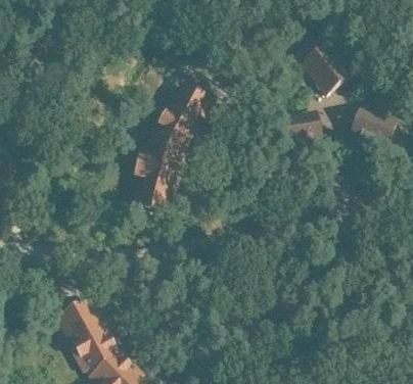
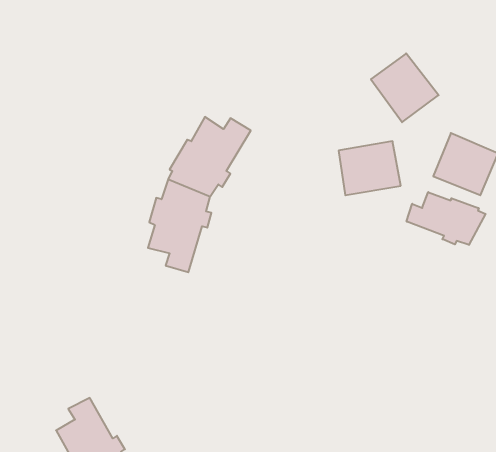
building: none -> [407,192,486,245]

